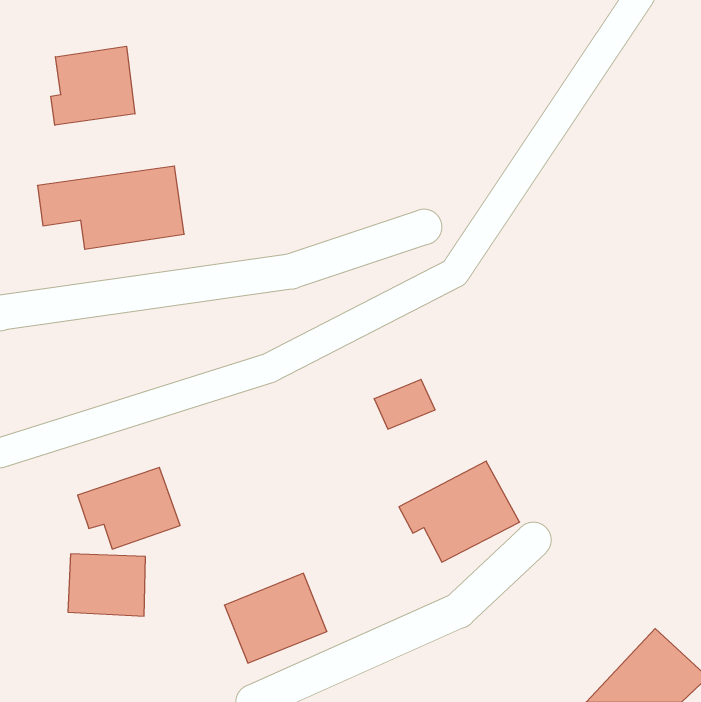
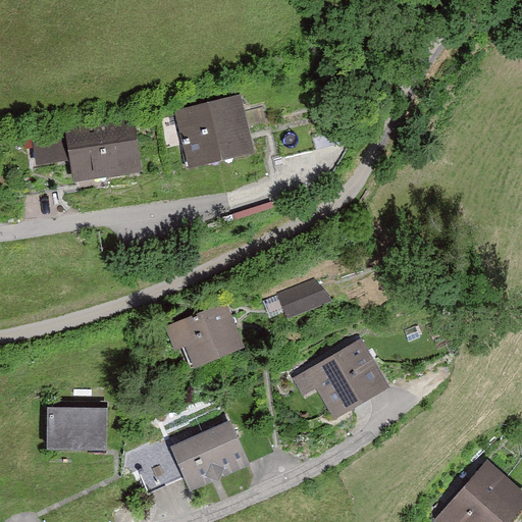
building: [51,46,135,125] -> none
building: none -> [175,100,249,161]
building: [78,467,180,549] -> [164,303,240,363]

